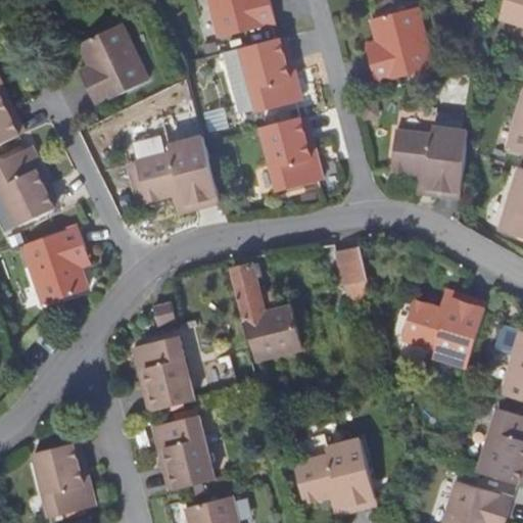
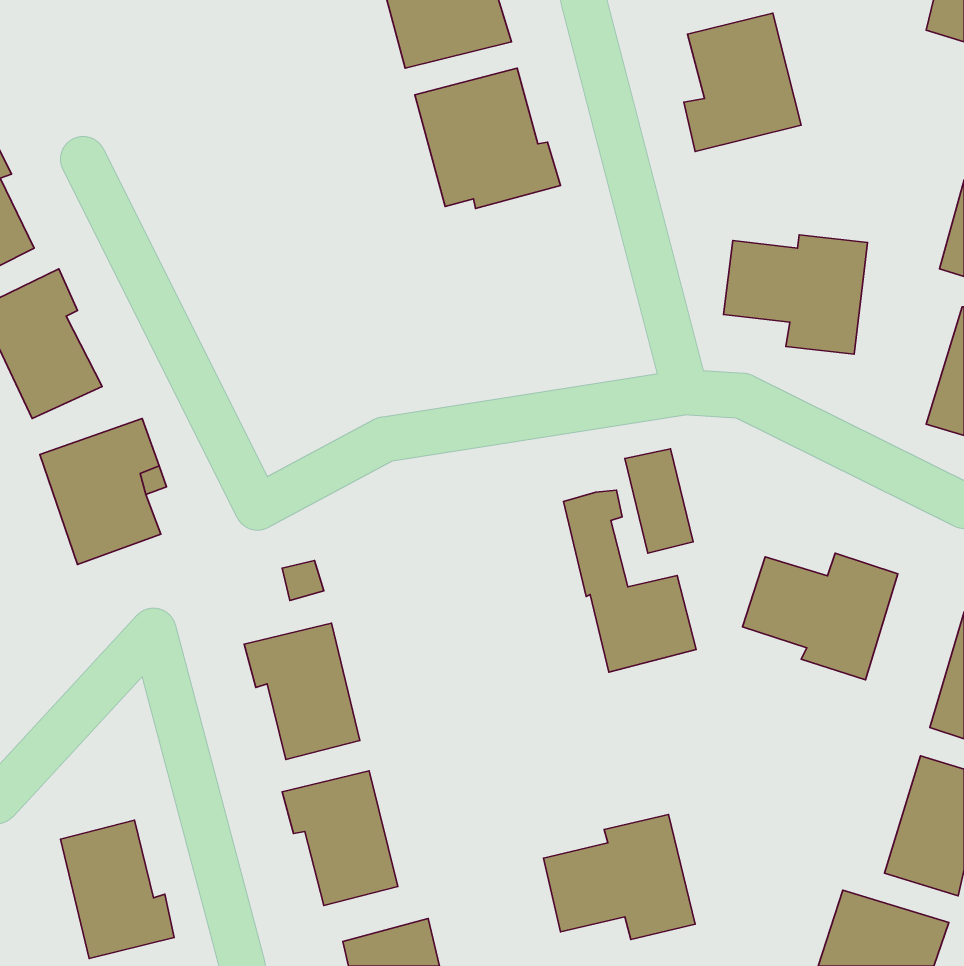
building: [78,22,148,105] -> none
building: [259,116,323,190] -> none
building: [121,140,205,208] -> none
building: [231,260,302,359] -> [564,490,696,672]

